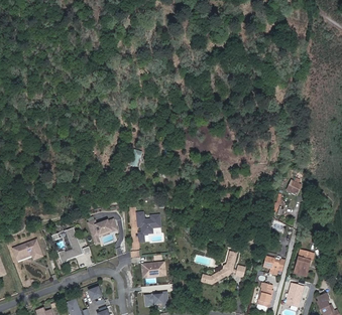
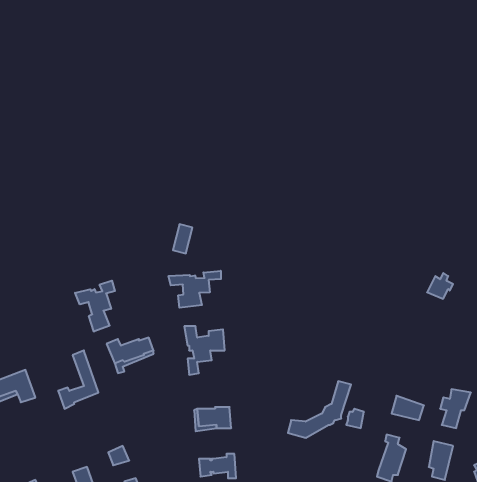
building: none -> [169,271,221,308]
building: none -> [75,281,115,332]

